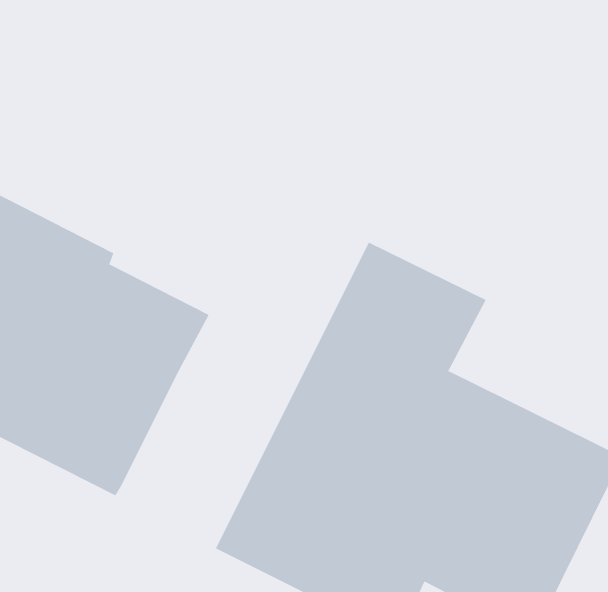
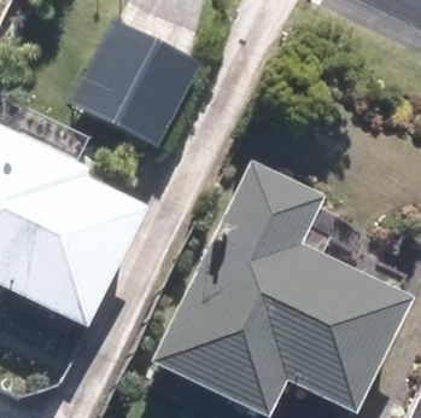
building: none -> [75,14,200,140]

